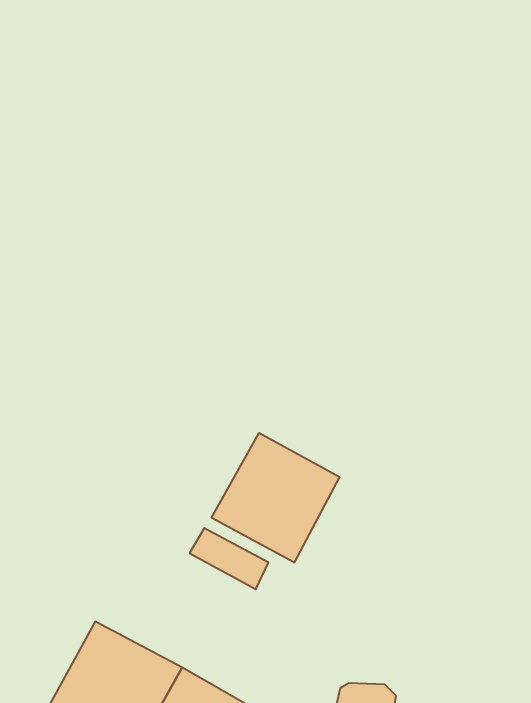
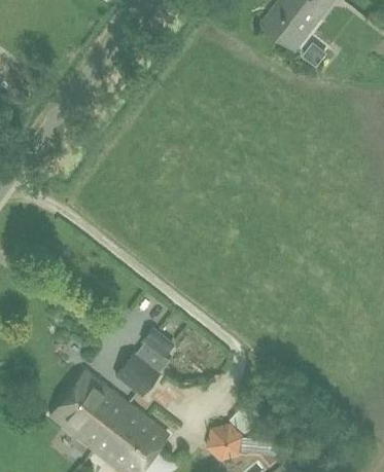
building: [212,433,340,563] -> none
building: none -> [116,354,160,397]

